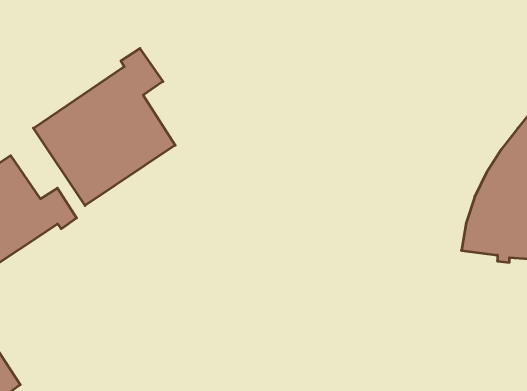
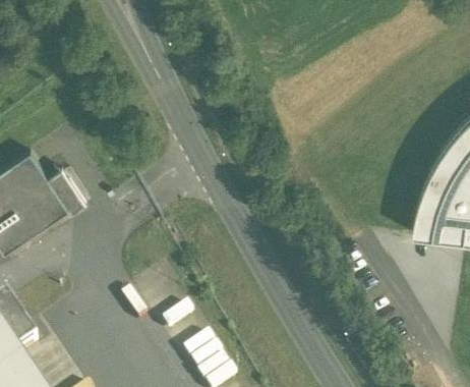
building: [33,48,175,206] -> none

